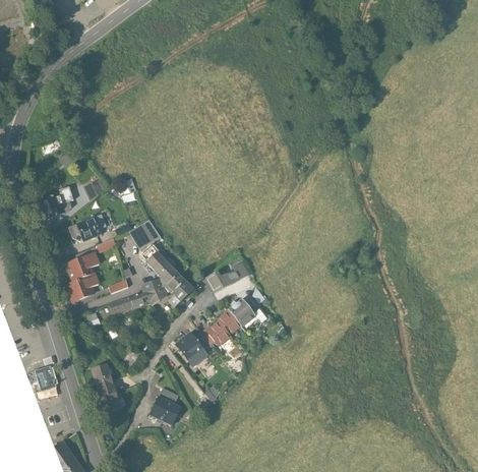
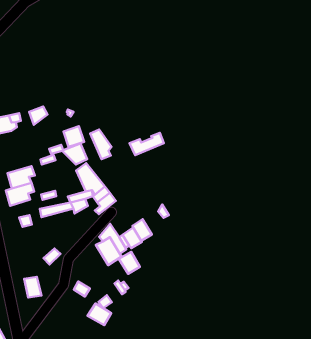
building: none -> [90,129,111,159]
building: [74,216,101,242] -> [63,126,84,147]
building: [206,262,248,293] -> [130,133,164,155]
building: [233,295,259,322] -> [119,252,140,274]
building: [89,365,111,392] -> none
building: [150,399,178,424] -> [88,303,111,325]

